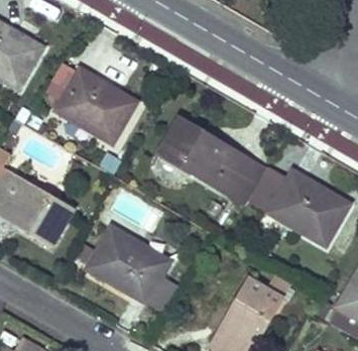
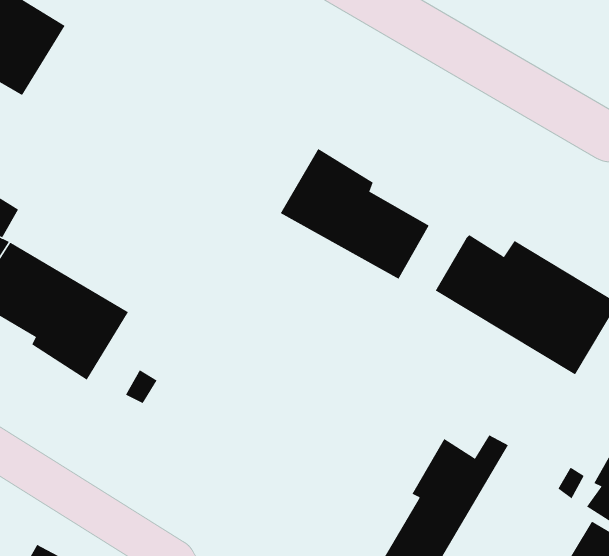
building: [54,70,134,144] -> none
building: [210,136,263,201] -> none
building: [88,227,183,316] -> none

